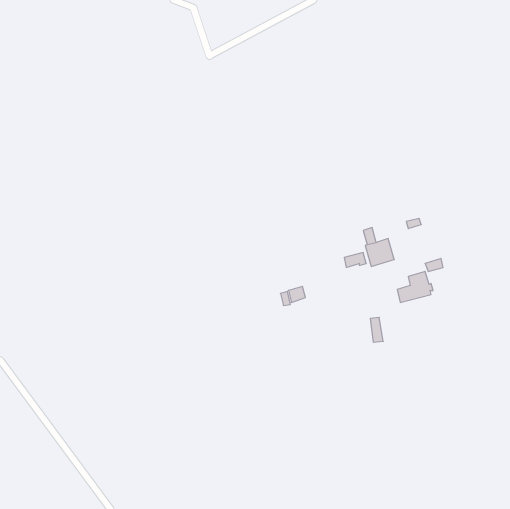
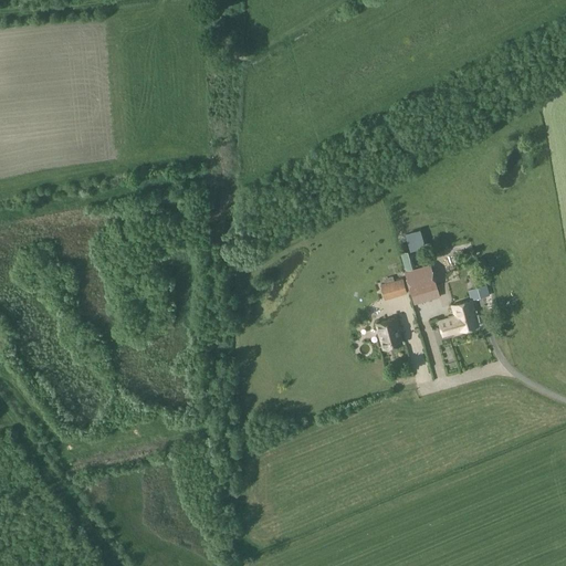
building: none -> [376,318,401,349]

